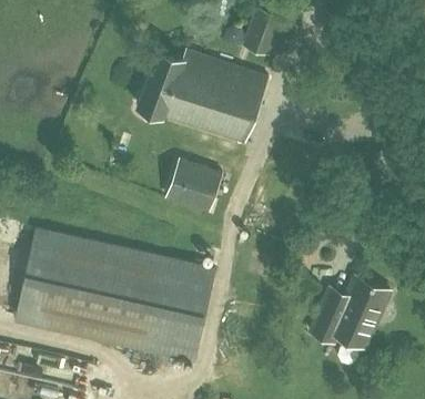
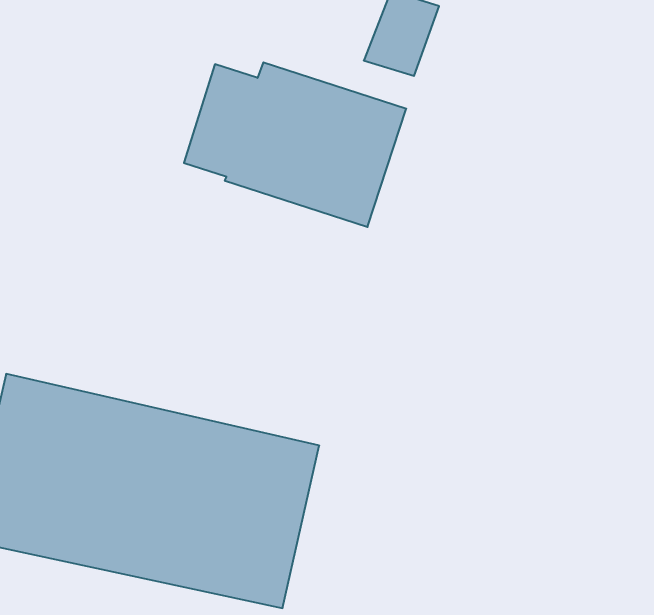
building: [168,160,222,211] -> none
building: [311,276,389,347] -> none

